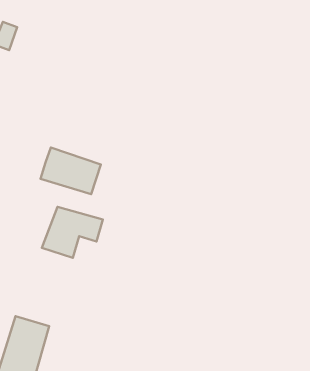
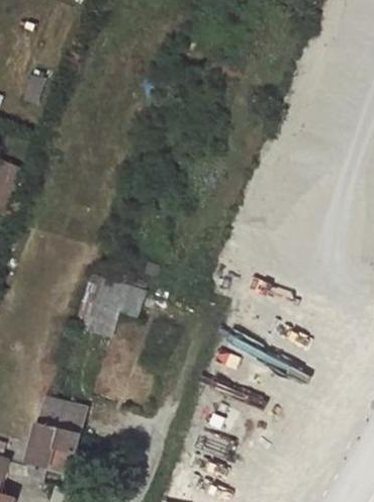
building: [40,148,101,194] -> none

